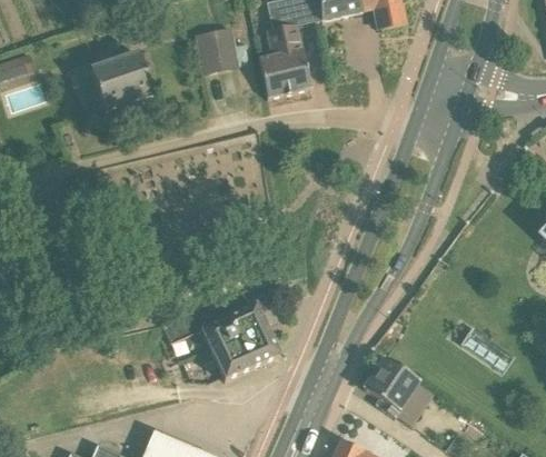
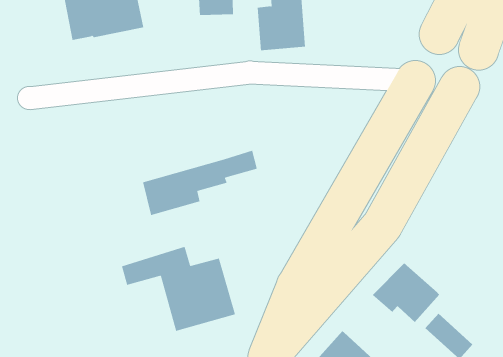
building: none -> [142,150,258,216]
building: none -> [372,262,440,323]

